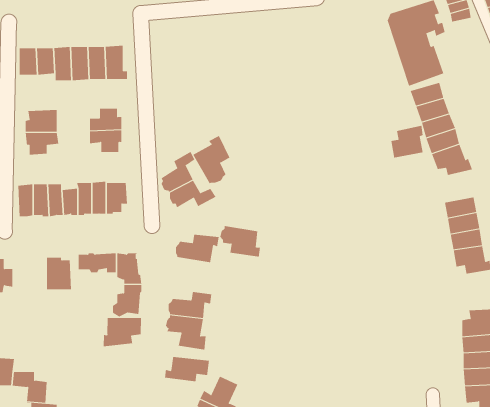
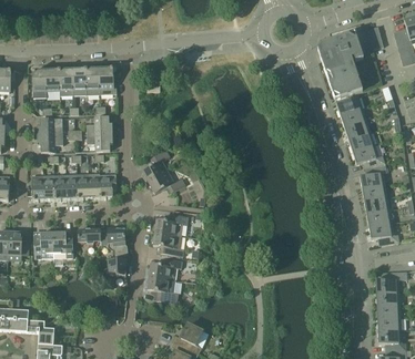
building: [391,125,423,158] -> [360,163,385,188]
building: [193,135,230,184] -> none
building: [219,226,261,257] -> [151,230,183,255]
building: none -> [33,230,53,257]
building: [103,317,141,347] -> none
building: [165,356,209,382] -> none

